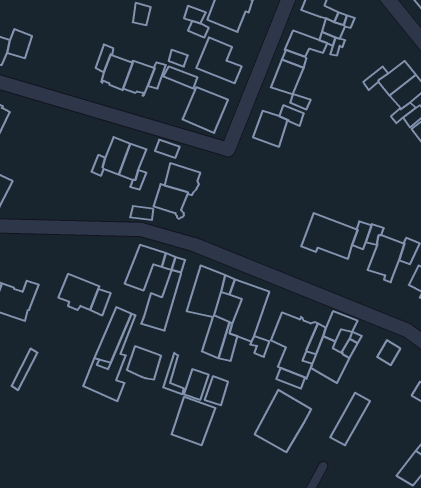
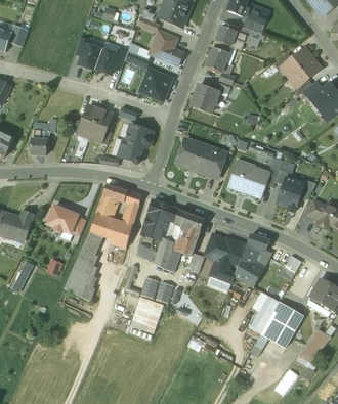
building: none -> [31,122,50,155]
building: none -> [177,138,226,177]
building: [127,346,161,379] -> [90,213,116,237]
building: [255,390,311,452] -> [261,301,303,347]

